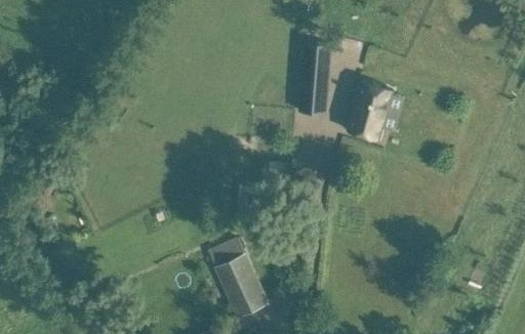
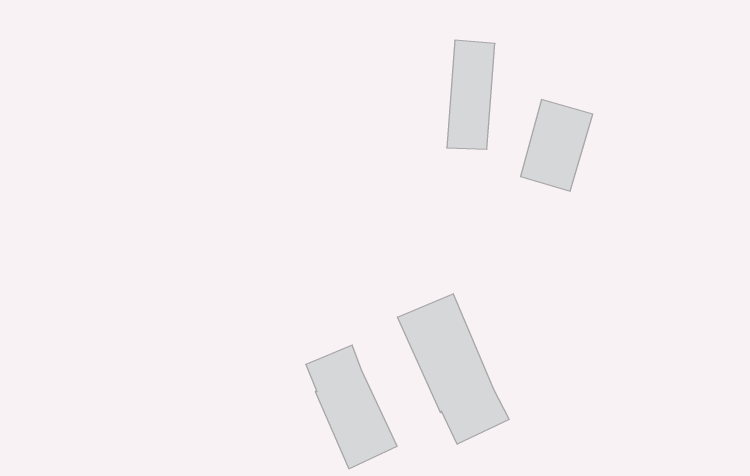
building: none -> [397,294,509,444]

